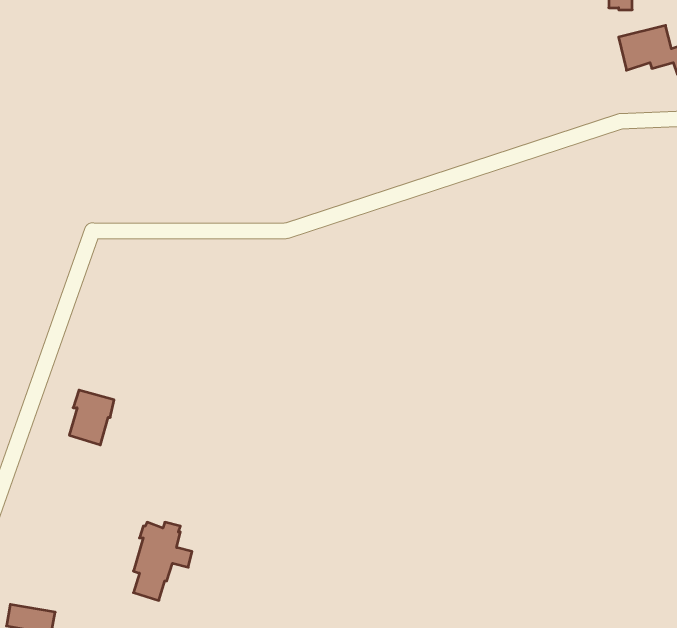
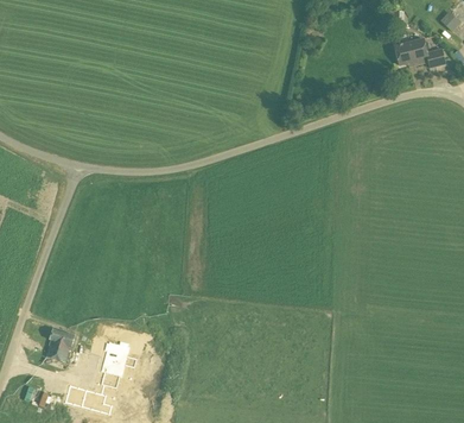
building: [69,390,114,445] -> [46,328,74,361]

